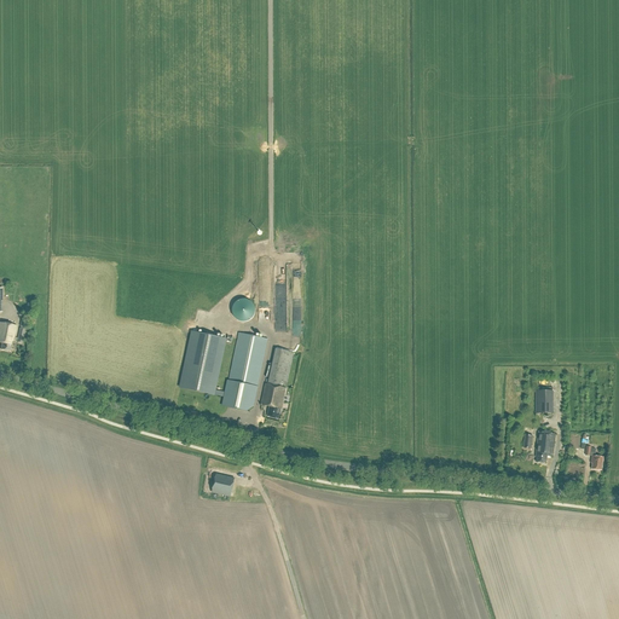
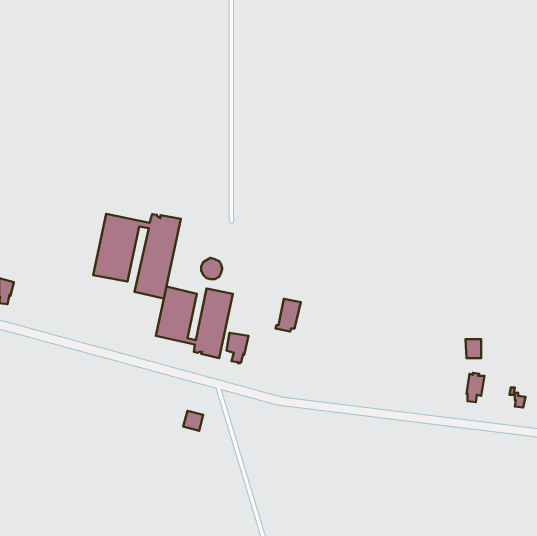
building: none -> [93,214,181,299]
building: [265,347,294,384] -> [275,299,301,332]

